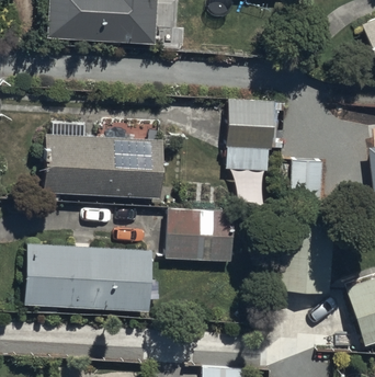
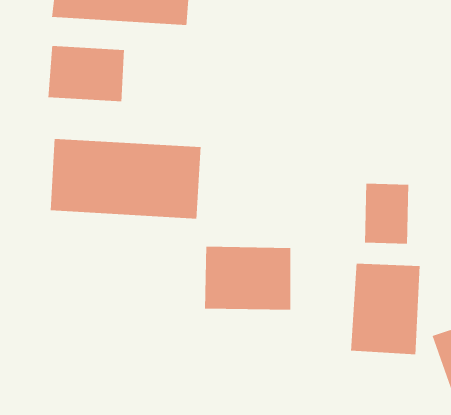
building: none -> [48,45,125,102]
building: [226,104,274,178] -> none
building: [24,247,154,309] -> none

